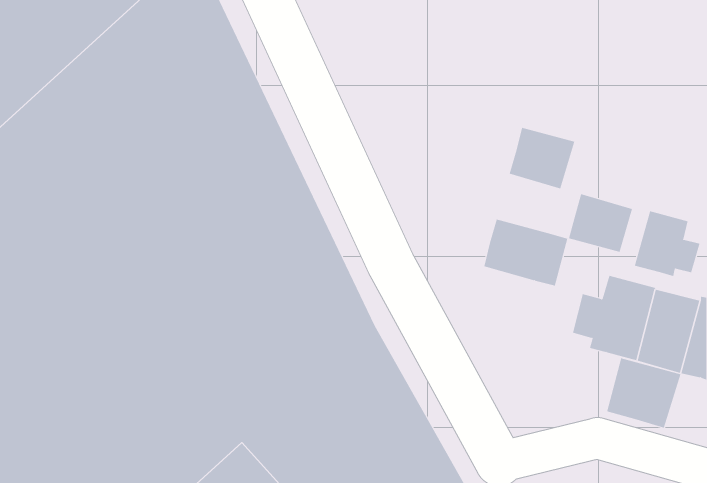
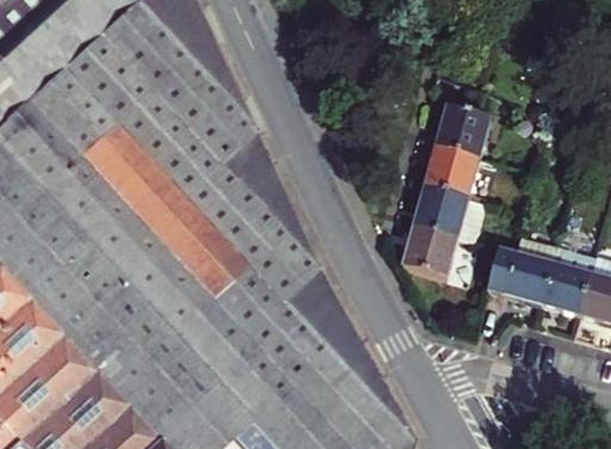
building: [568,193,633,253] -> [421,155,476,205]
building: [634,210,700,277] -> none
building: none -> [399,234,453,285]
building: [606,357,681,429] -> none

